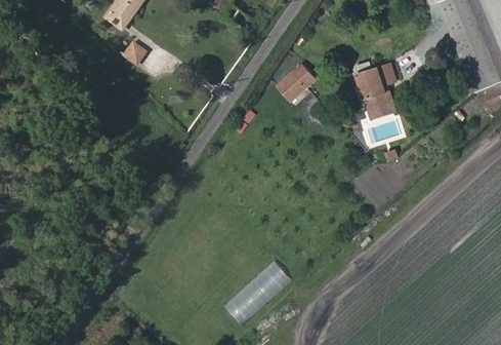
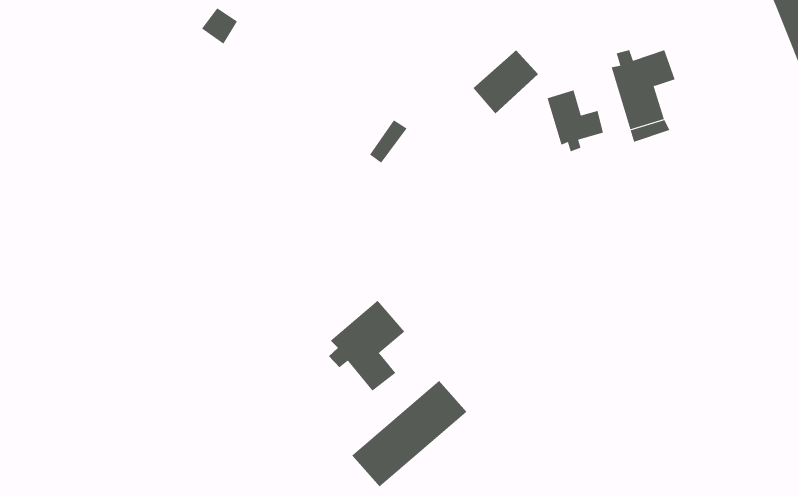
building: none -> [547,89,604,152]
building: none -> [328,300,405,391]

